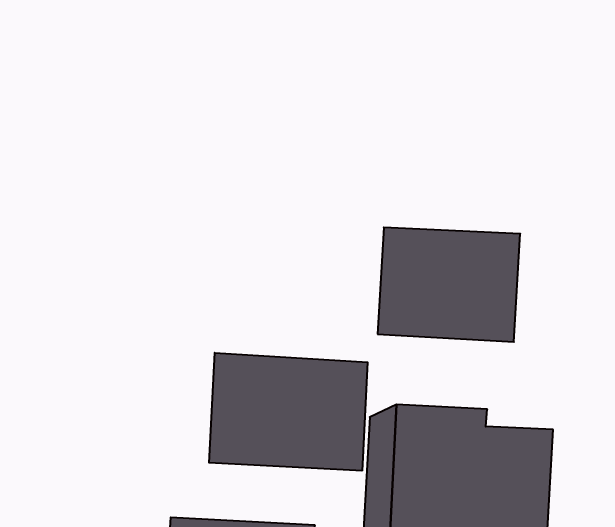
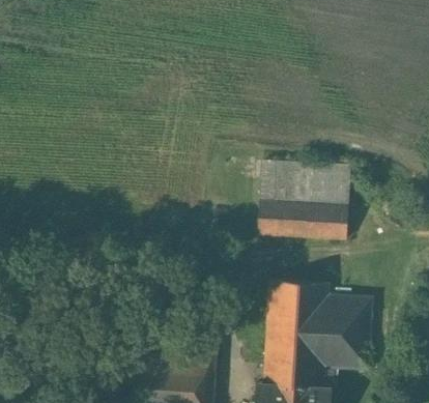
building: [209,353,368,471] -> none

